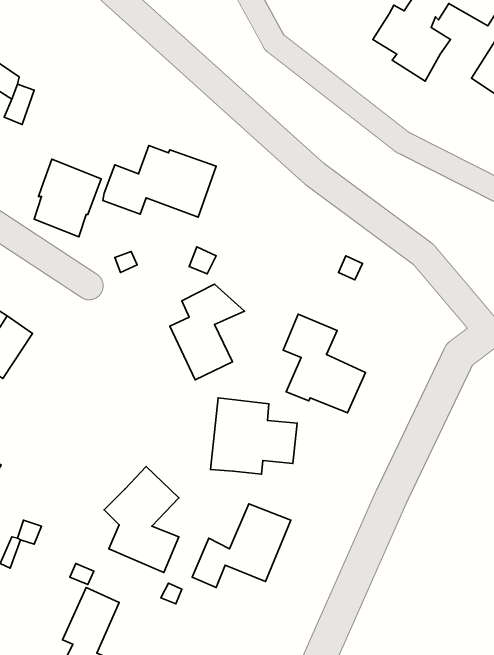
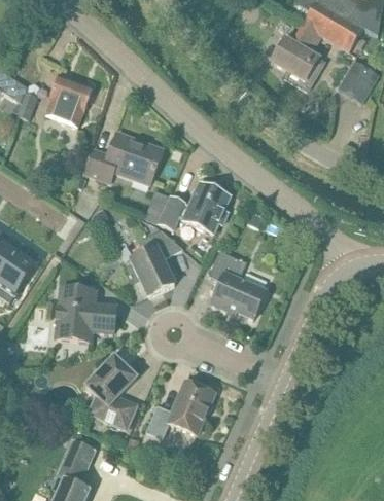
building: [34,159,101,237] -> [46,74,93,128]
building: none -> [160,183,230,234]
building: [211,398,297,474] -> [56,289,115,342]

